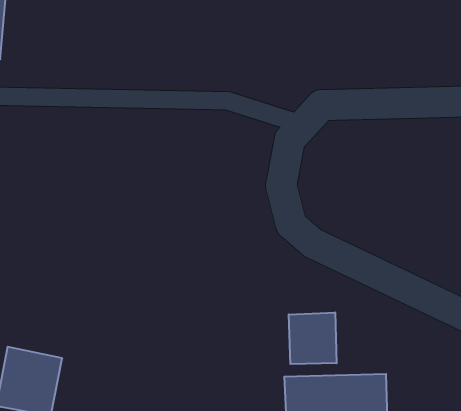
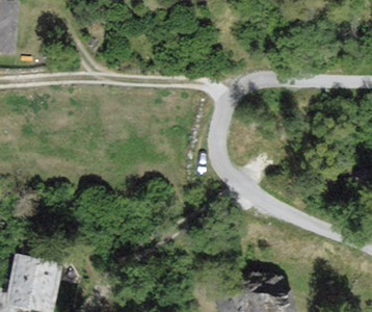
building: [289,312,337,364] -> none

